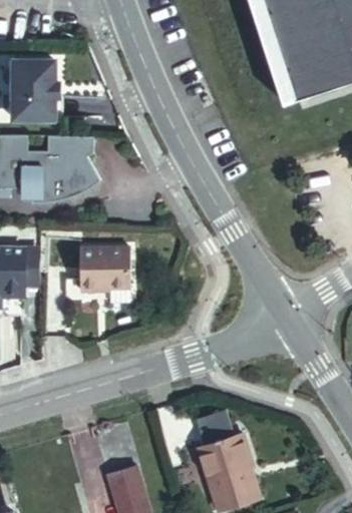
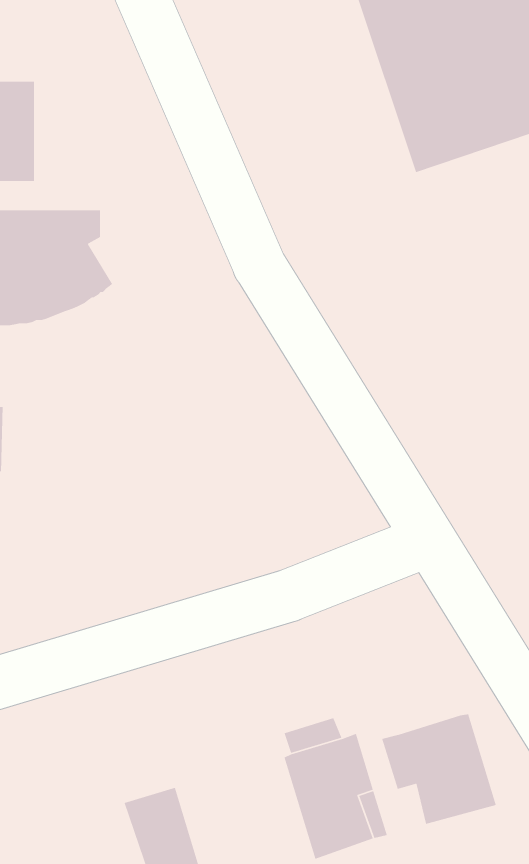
building: [79,244,130,289] -> none
building: none -> [381,713,497,825]

